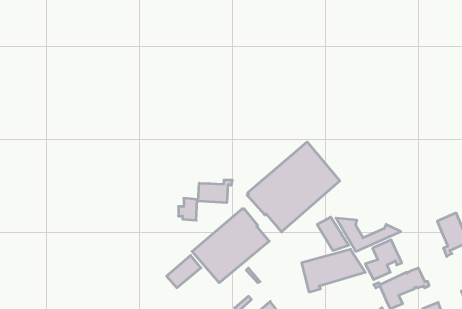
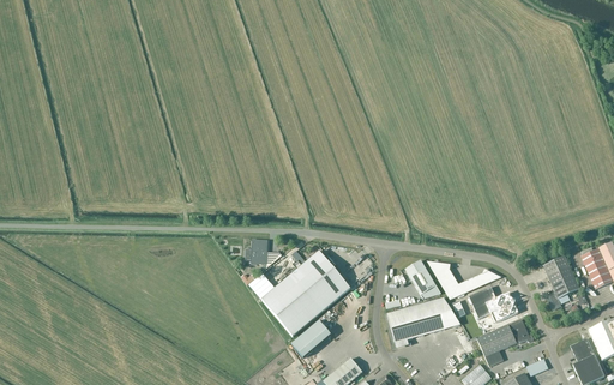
building: [247,142,340,232] -> none
building: [198,180,232,203] -> none
building: [167,255,201,288] -> [291,320,331,357]

